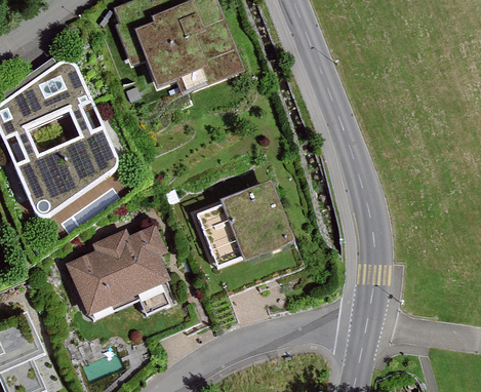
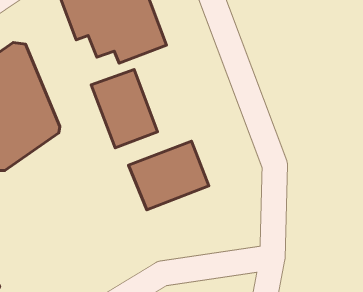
building: none -> [91,70,157,148]
building: [68,235,165,317] -> none

